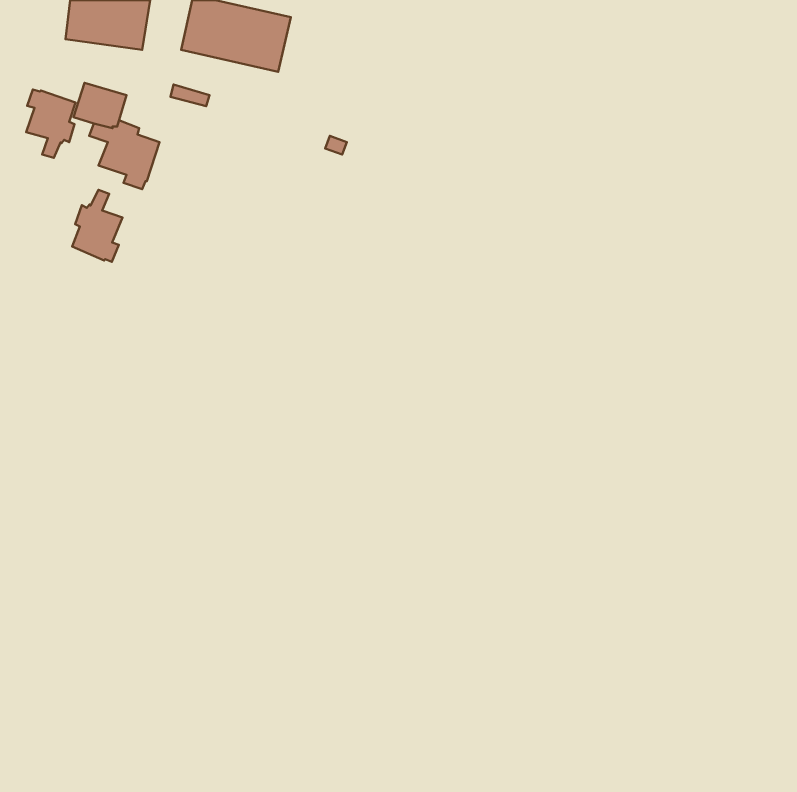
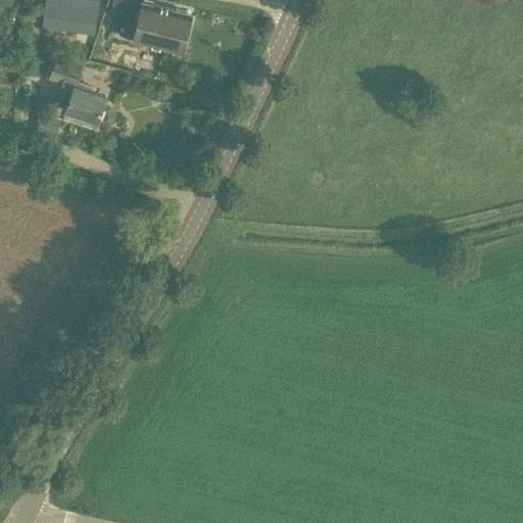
building: [26,89,75,158] -> none
building: [72,190,123,262] -> none

